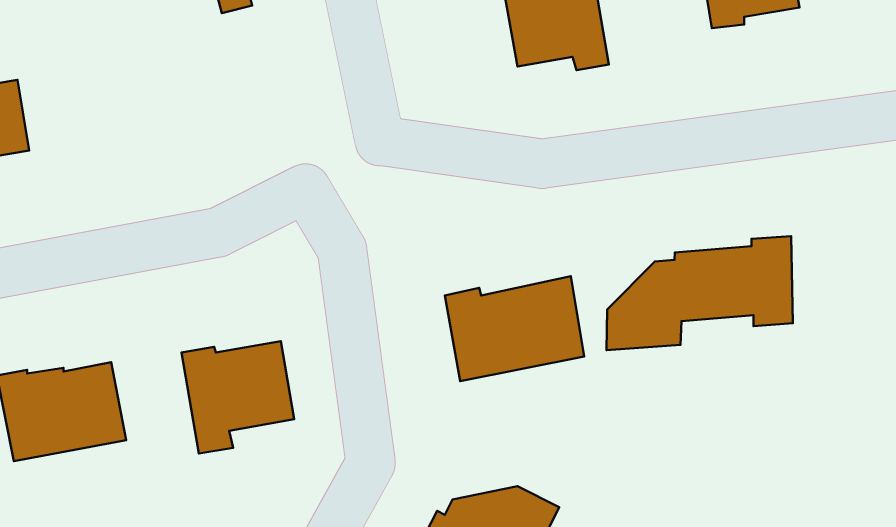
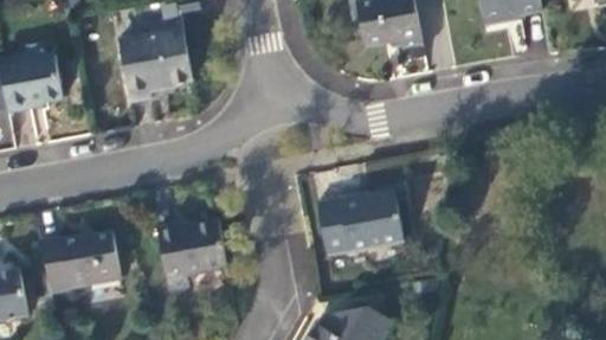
building: none -> [118,28,193,102]
building: [606,236,793,350] -> none

